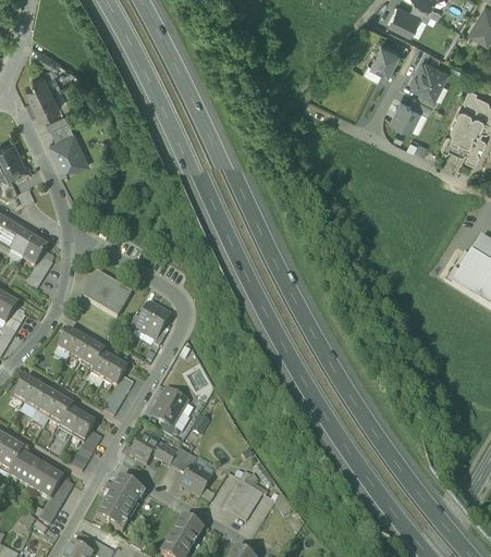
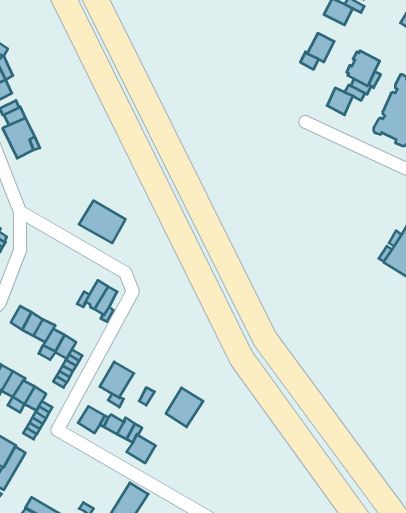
building: [84,270,133,314] -> [79,201,125,243]
building: [98,474,144,527] -> none
building: [224,476,263,518] -> [166,388,203,427]

